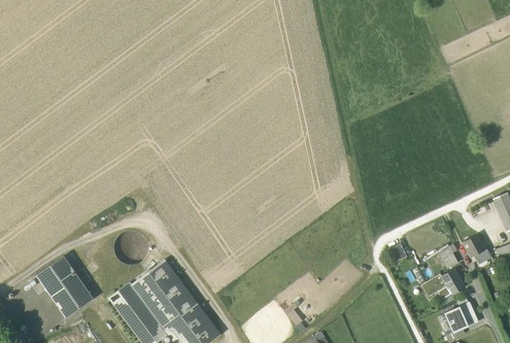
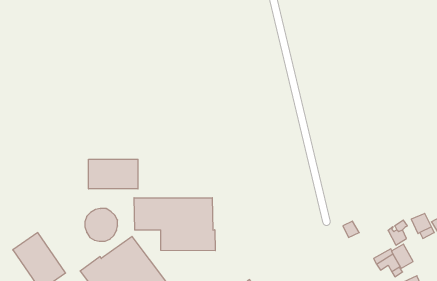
building: none -> [89,159,138,189]
building: none -> [134,198,215,251]

